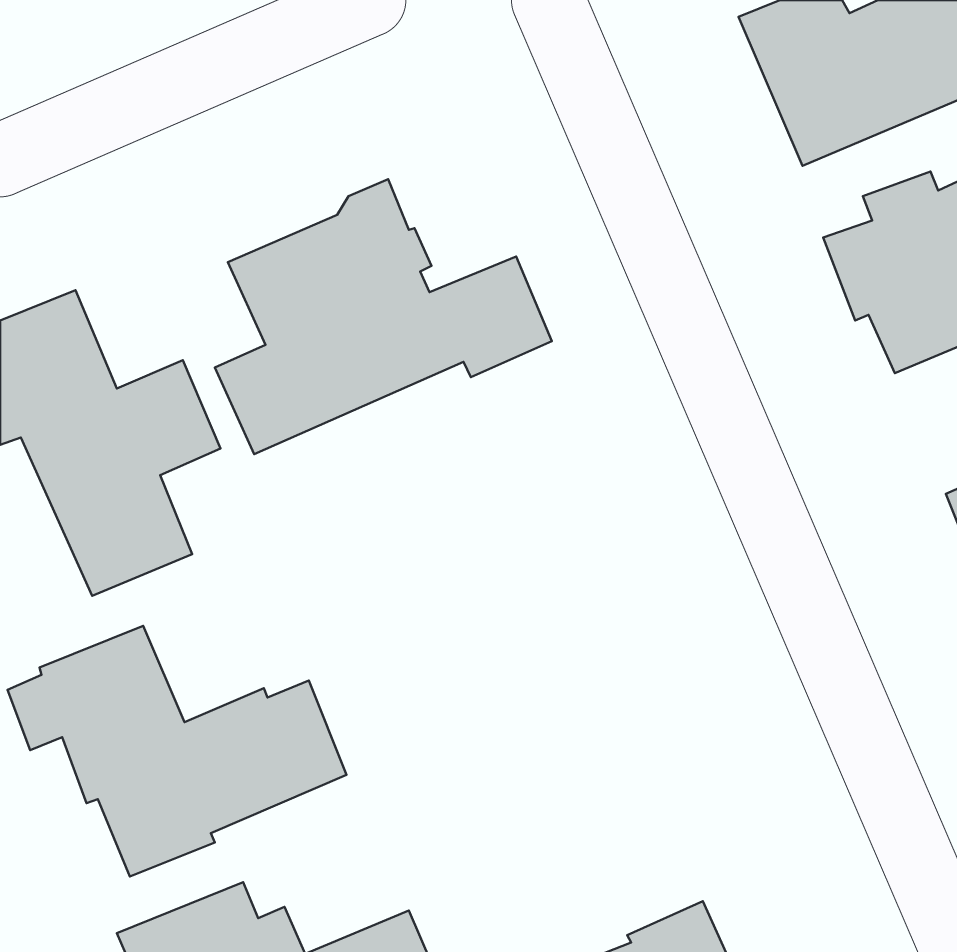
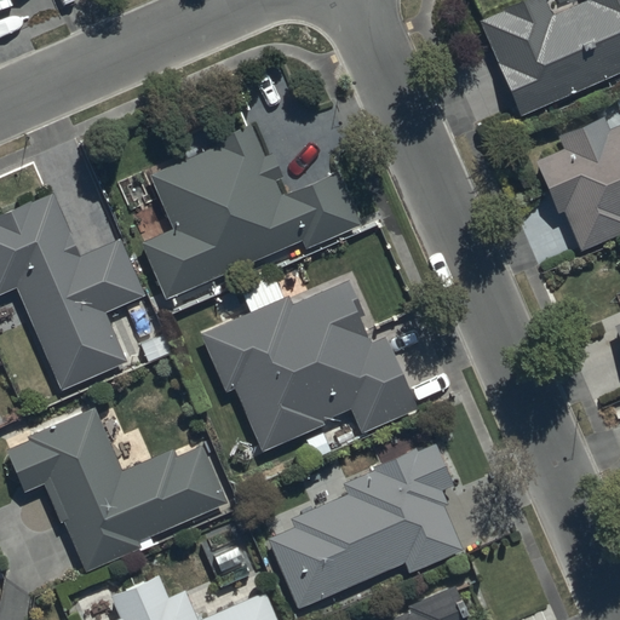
building: none -> [201,279,415,450]
building: none -> [269,446,464,609]

